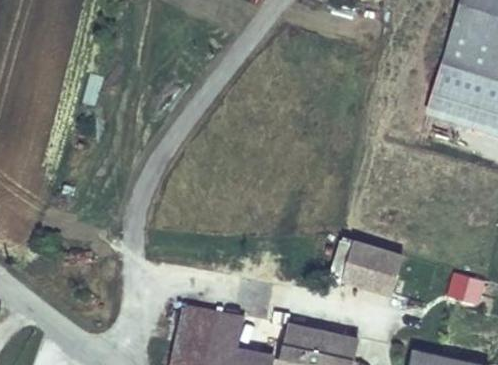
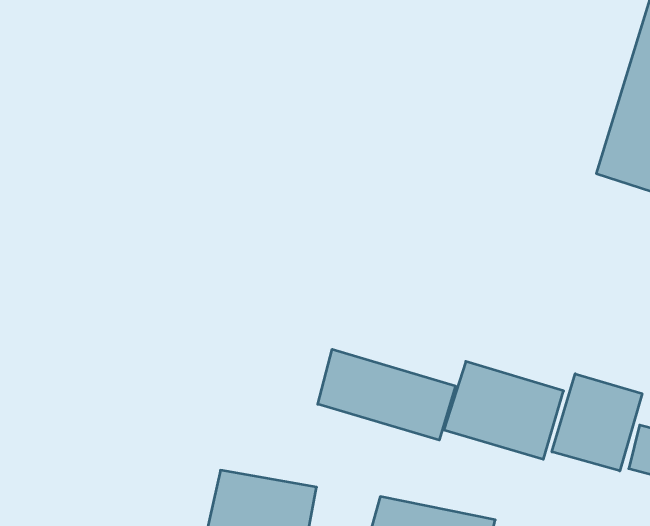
building: none -> [318,349,455,440]
building: none -> [552,374,642,471]

